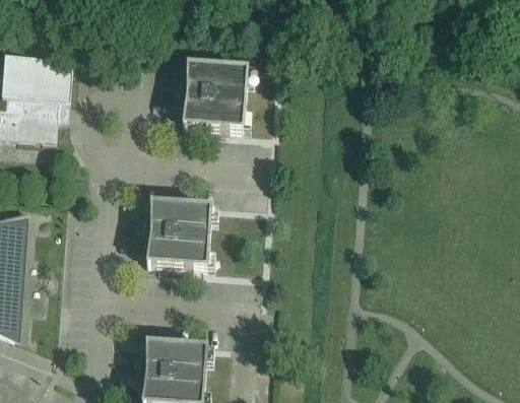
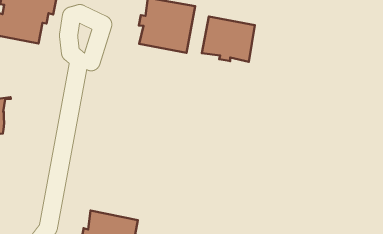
building: none -> [202,17,255,62]
building: [143,199,211,265] -> none

